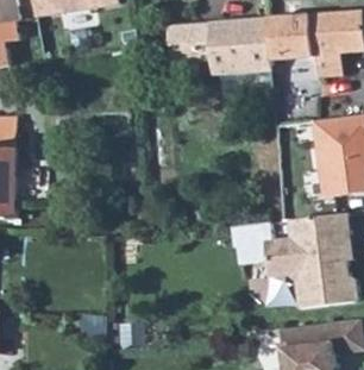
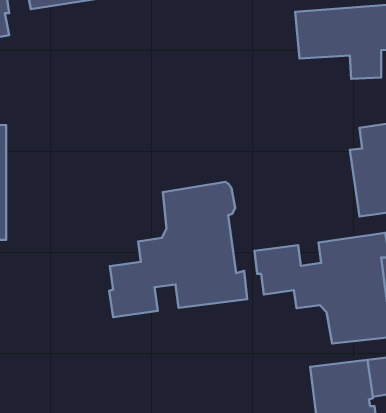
building: [169,18,271,77] -> none
building: none -> [109,182,247,317]

